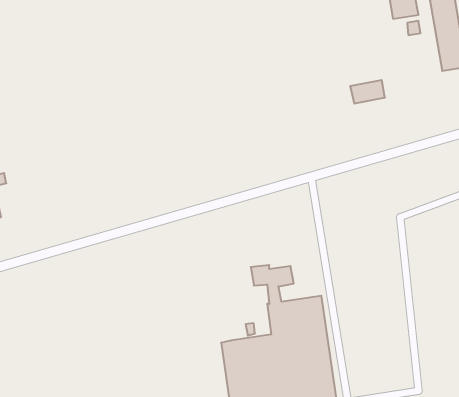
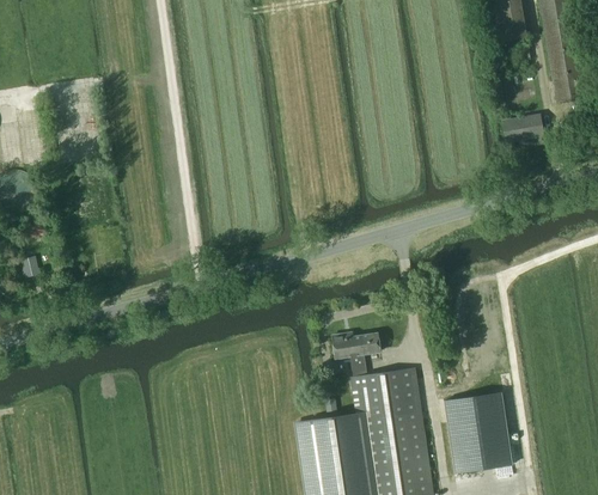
building: [350,80,385,104] -> [500,115,541,142]
building: none -> [444,393,511,473]

